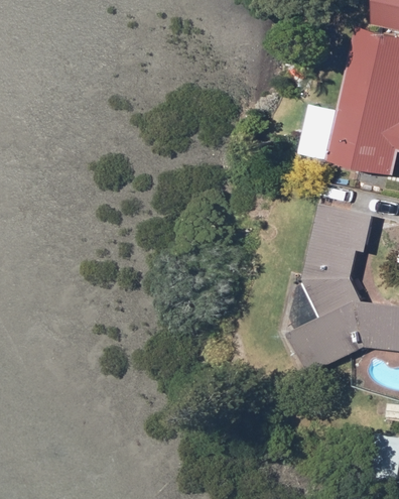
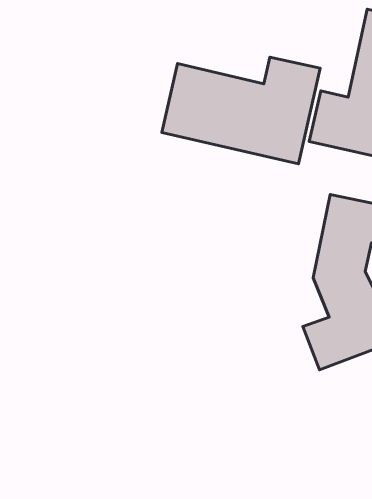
building: none -> [162,57,320,164]

